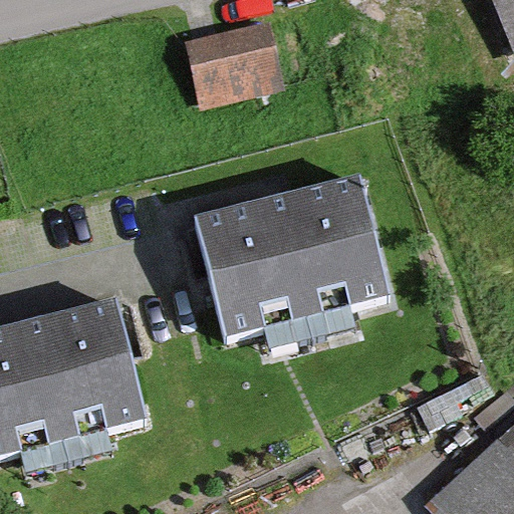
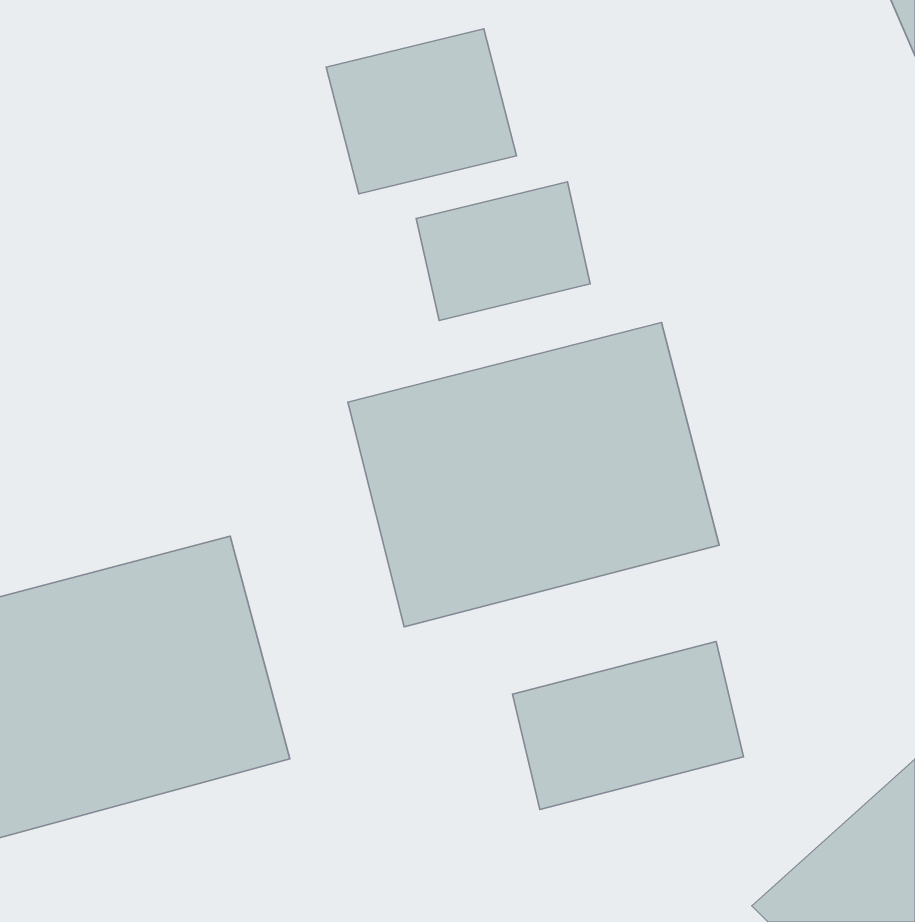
building: none -> [416,182,590,320]
building: none -> [512,641,744,810]

